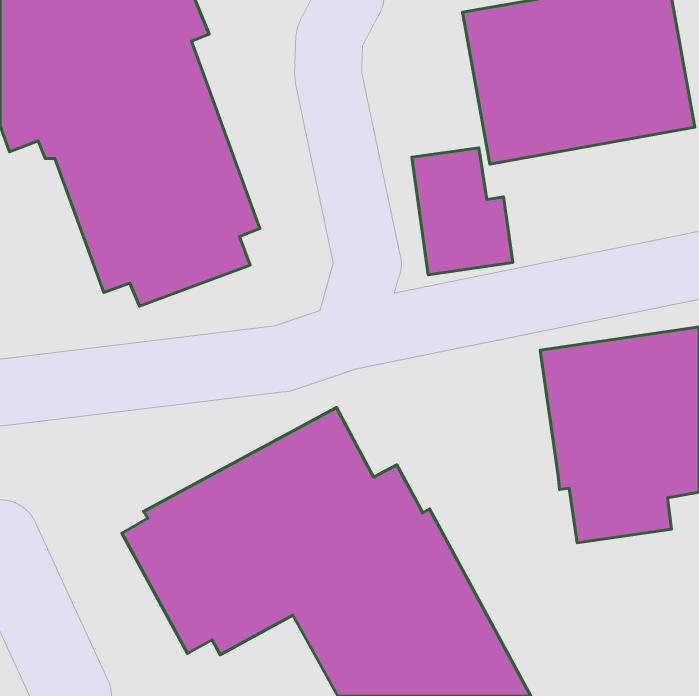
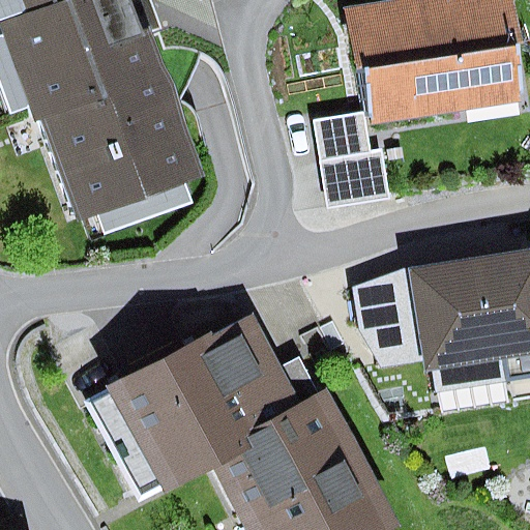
building: none -> [354,265,422,365]

